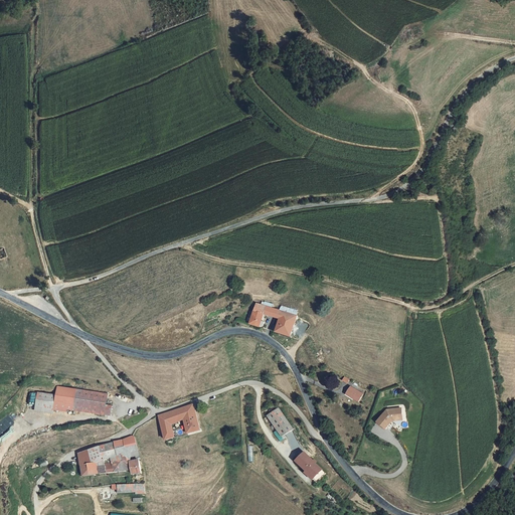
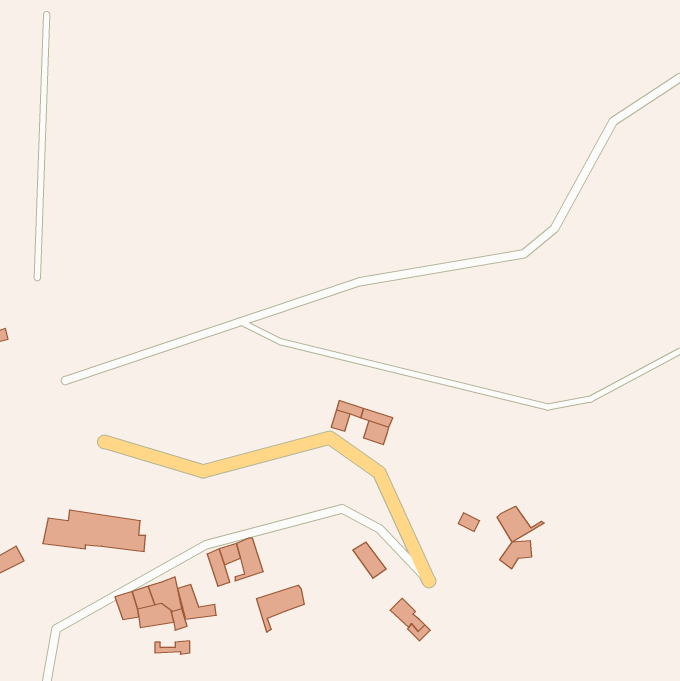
building: none -> [497,506,544,542]
building: none -> [257,585,304,632]
building: [76,450,106,476] -> [177,584,216,619]

